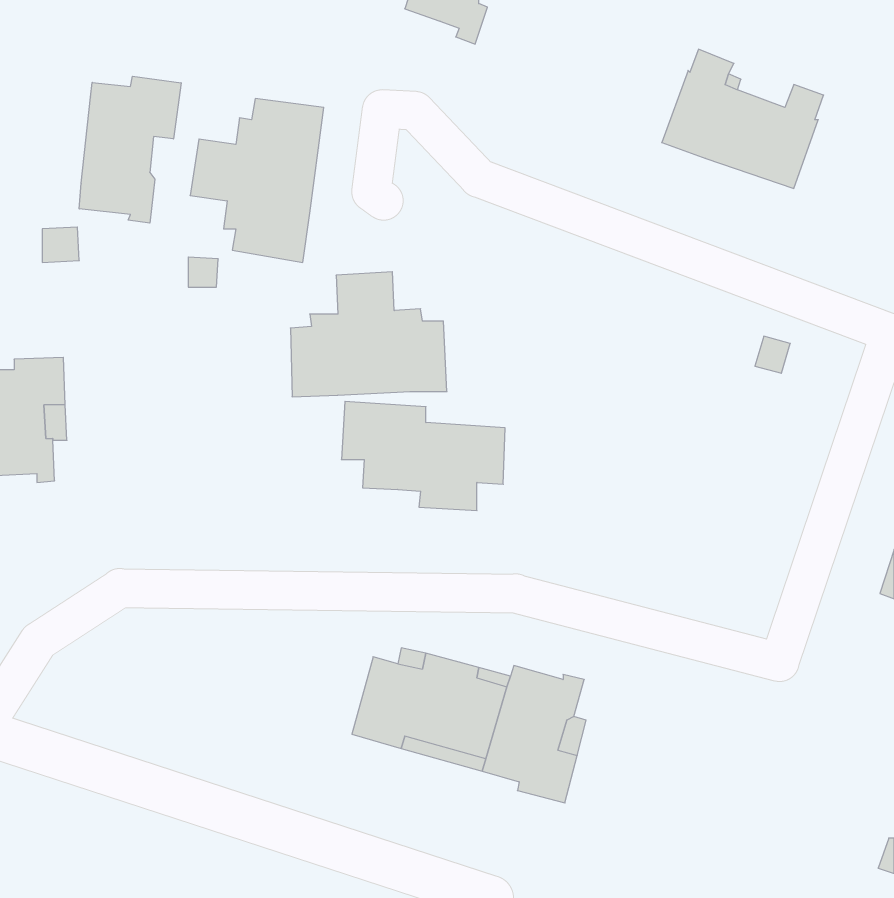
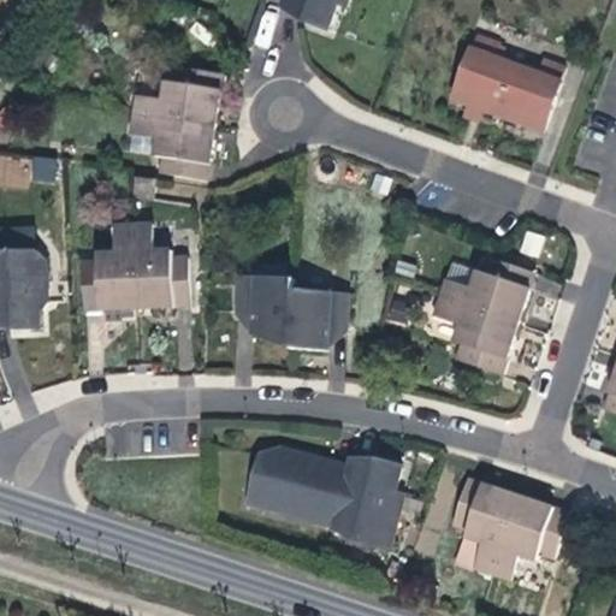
building: [79,76,181,223] -> none
building: [290,272,447,397] -> [82,224,189,309]
building: none -> [433,257,534,373]
building: none -> [451,476,567,578]

